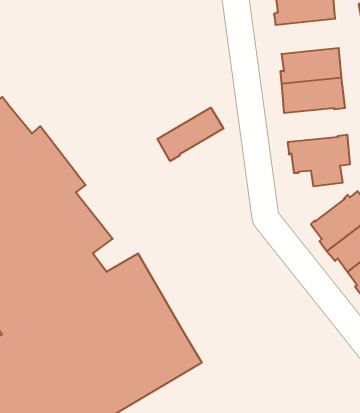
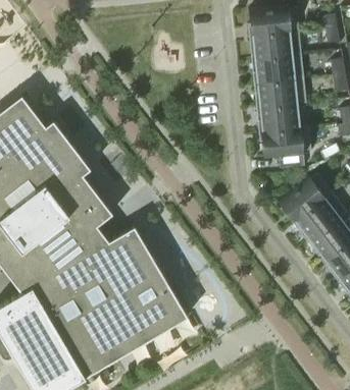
building: none -> [249,32,302,61]
building: [158,108,224,161] -> none
building: none -> [256,106,301,134]

